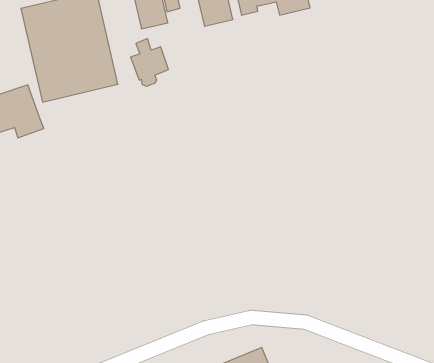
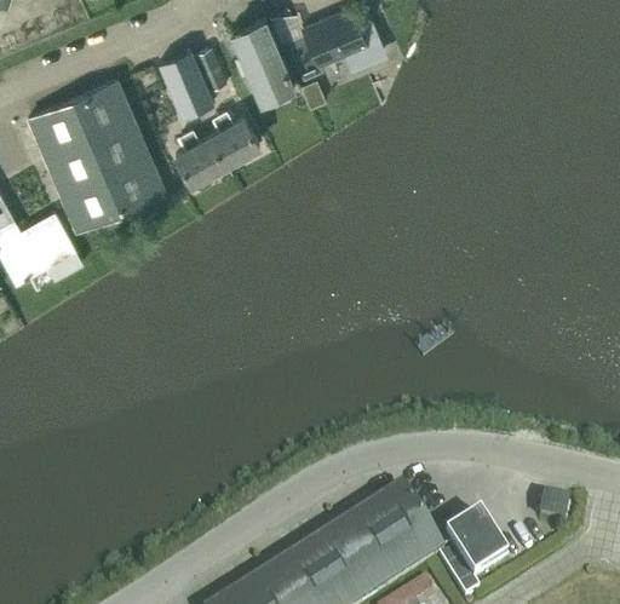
building: none -> [209,109,258,161]

